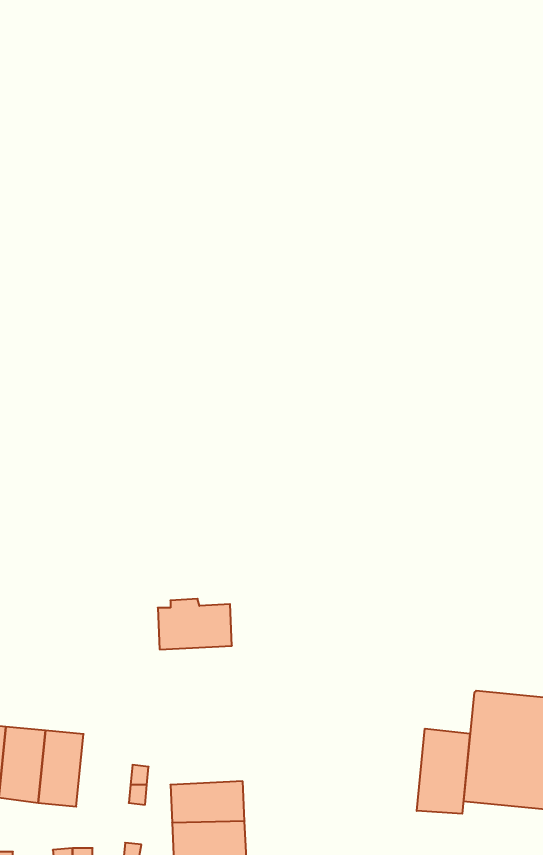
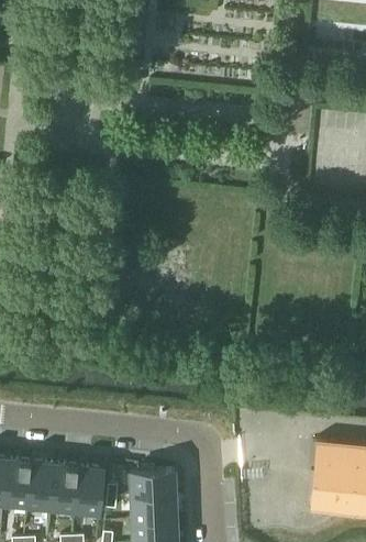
building: [158,599,232,649] -> [130,467,175,498]
building: [417,729,470,814] -> none
building: none -> [74,467,103,513]

